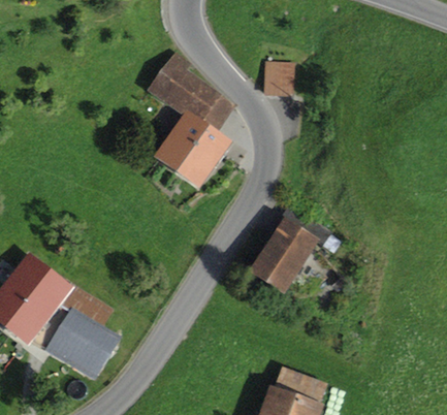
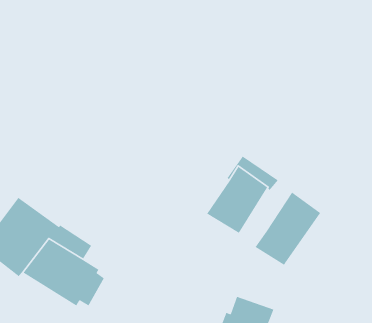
building: [148,52,237,189] -> none
building: [263,60,293,95] -> none
building: none -> [255,191,321,265]

